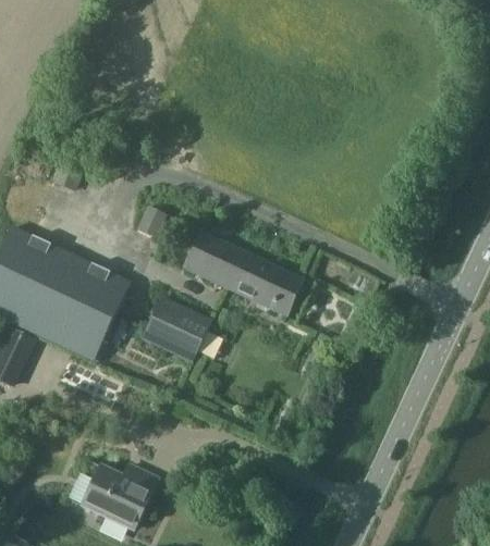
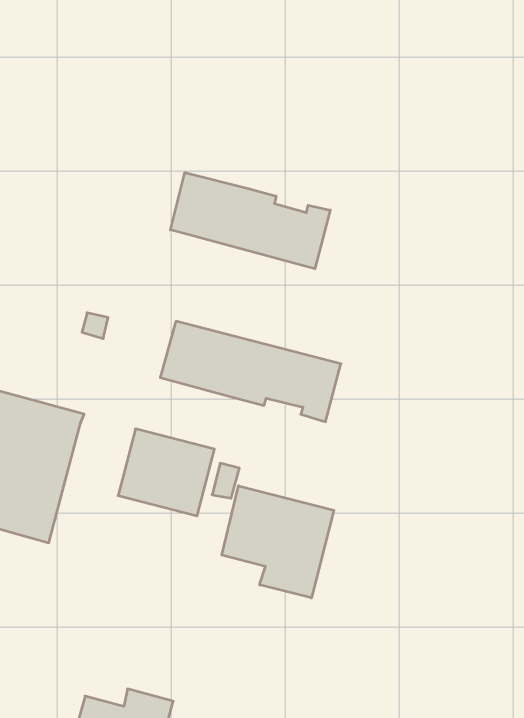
building: none -> [170,173,330,269]
building: none -> [222,486,334,598]

